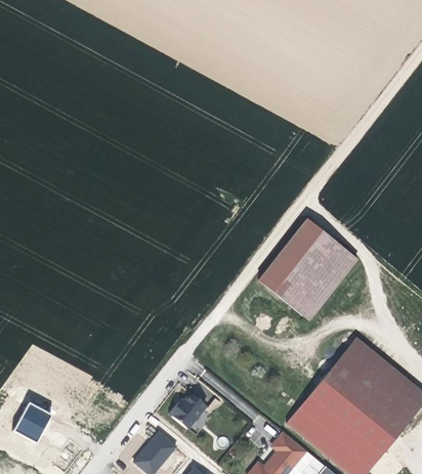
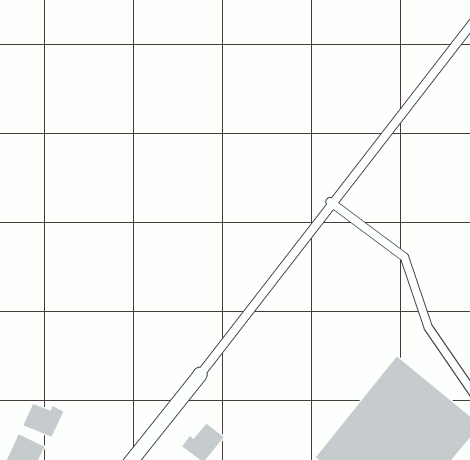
building: [259,220,355,318] -> none
building: none -> [23,403,64,438]

